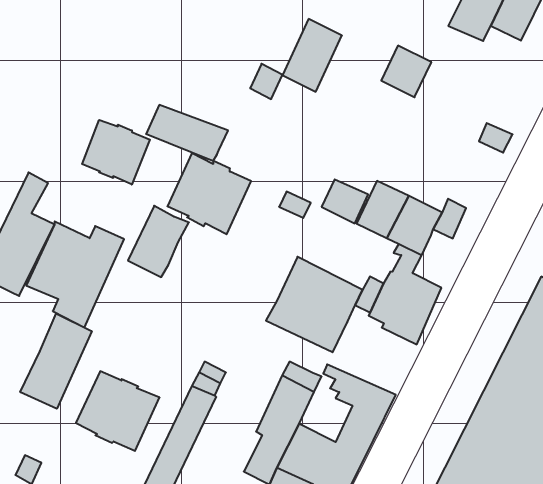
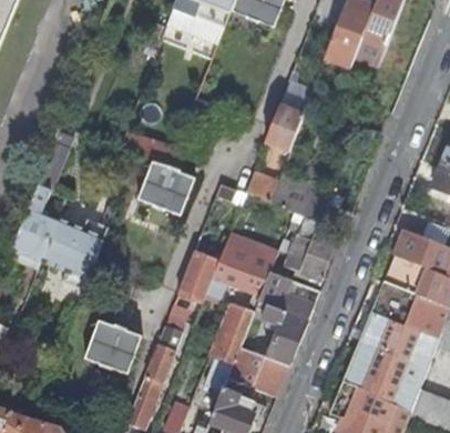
building: [282,19,342,92] -> [266,101,306,152]
building: [82,120,150,185] -> none
building: [128,206,189,277] -> [178,252,219,302]
building: [20,314,92,409] -> none
building: none -> [258,273,318,322]

